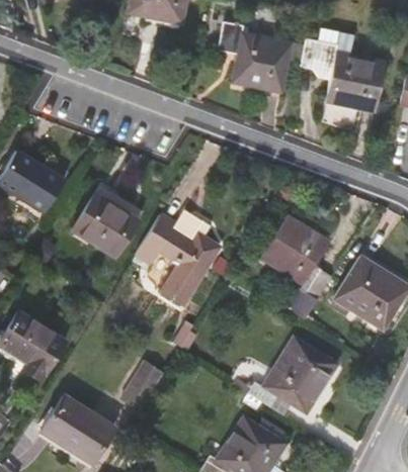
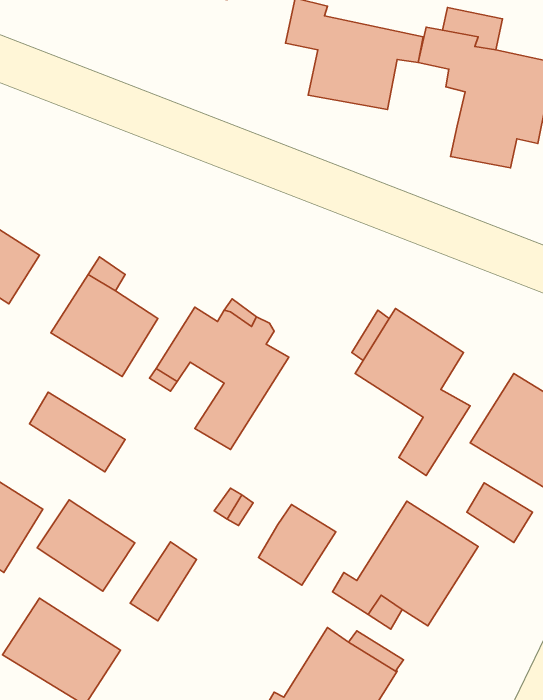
building: none -> [30,392,125,472]
building: none -> [467,483,533,543]
building: none -> [37,500,135,591]
building: none -> [258,504,336,585]

